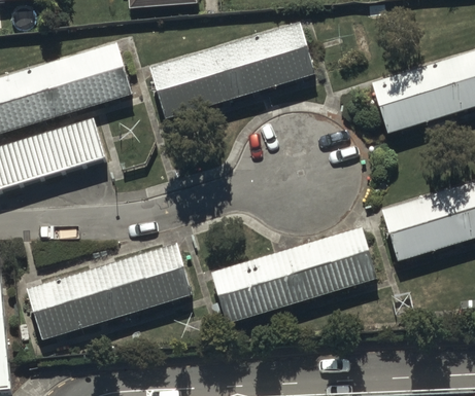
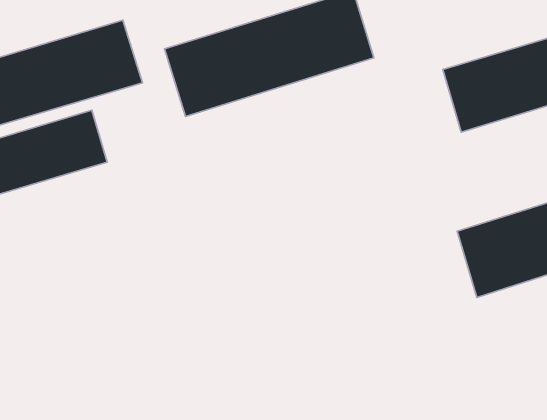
building: [212,228,377,322] -> none
building: [26,244,192,338] -> none

